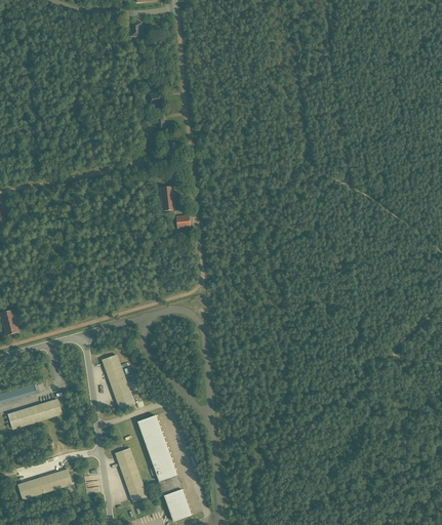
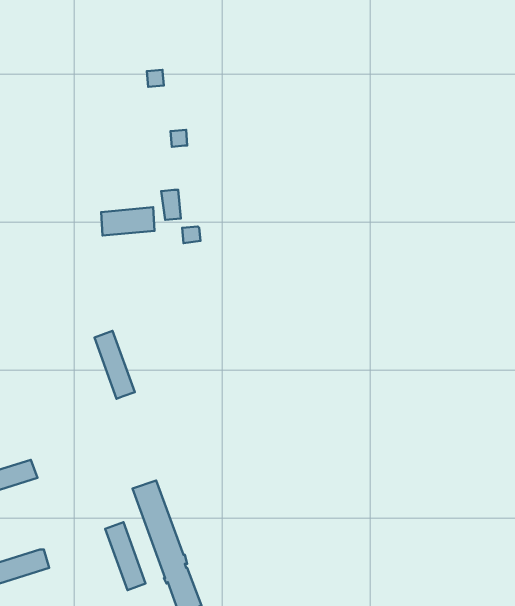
building: none -> [101,207,155,236]
building: [102,355,133,408] -> [94,331,135,399]

